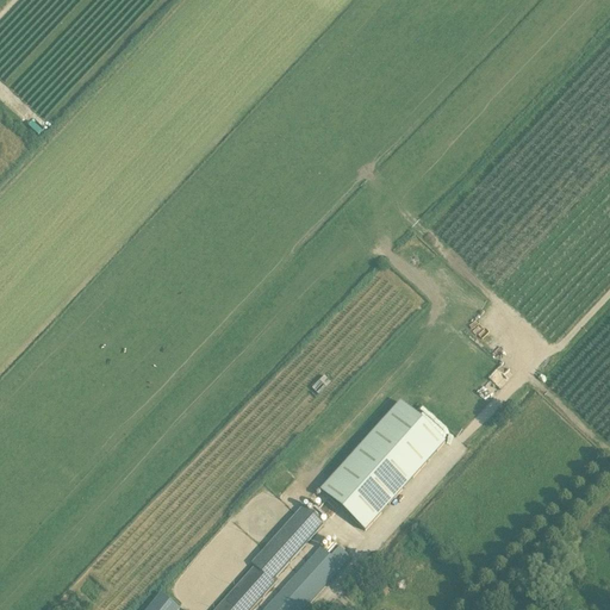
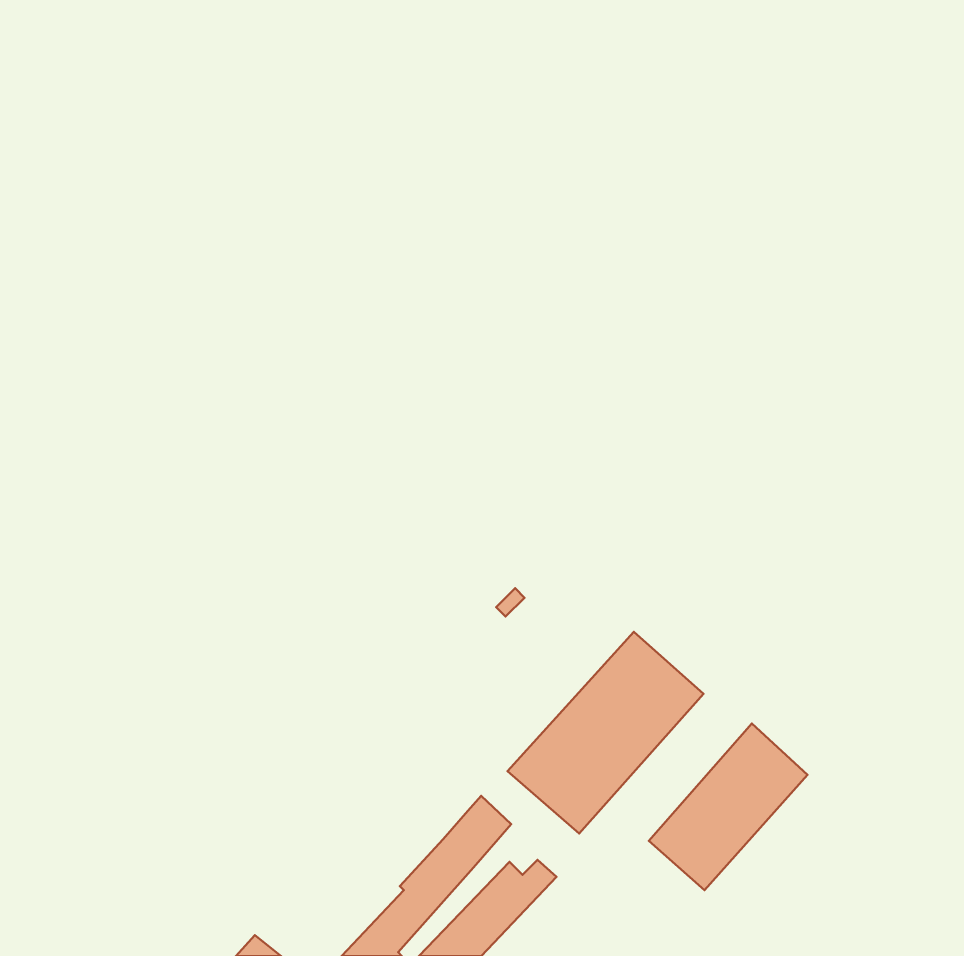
building: none -> [649,724,808,890]

